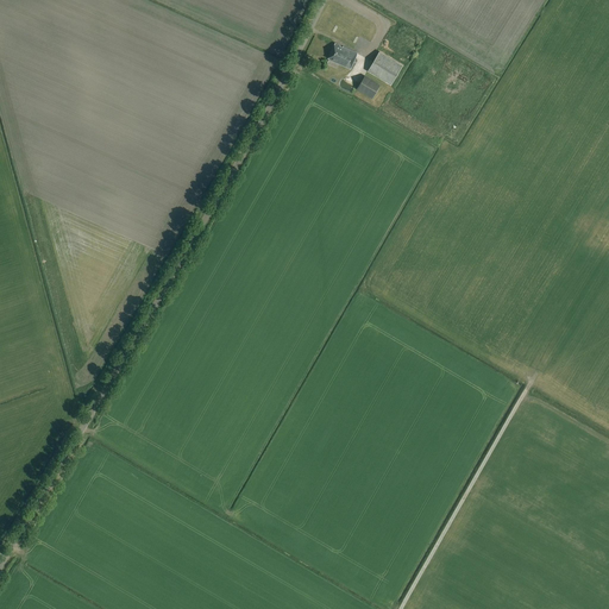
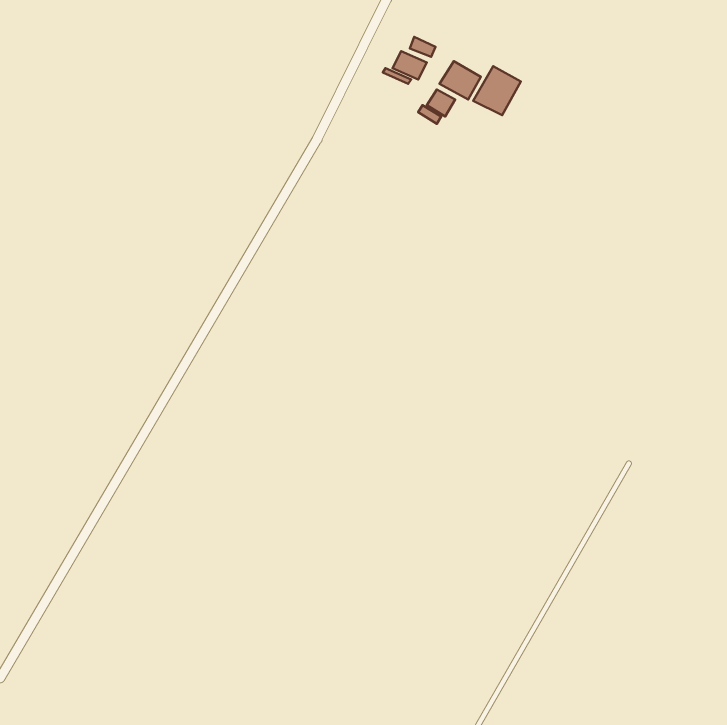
building: none -> [473,66,521,115]

